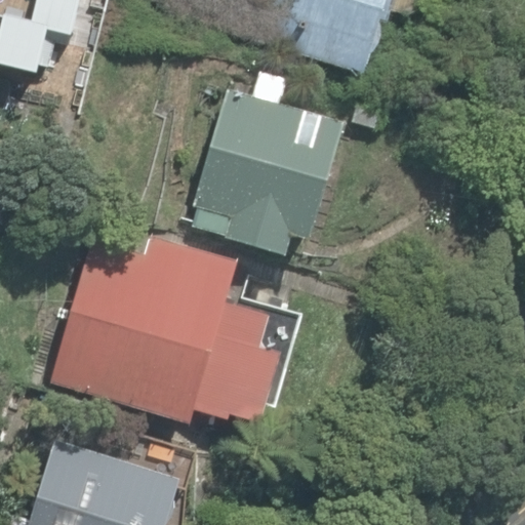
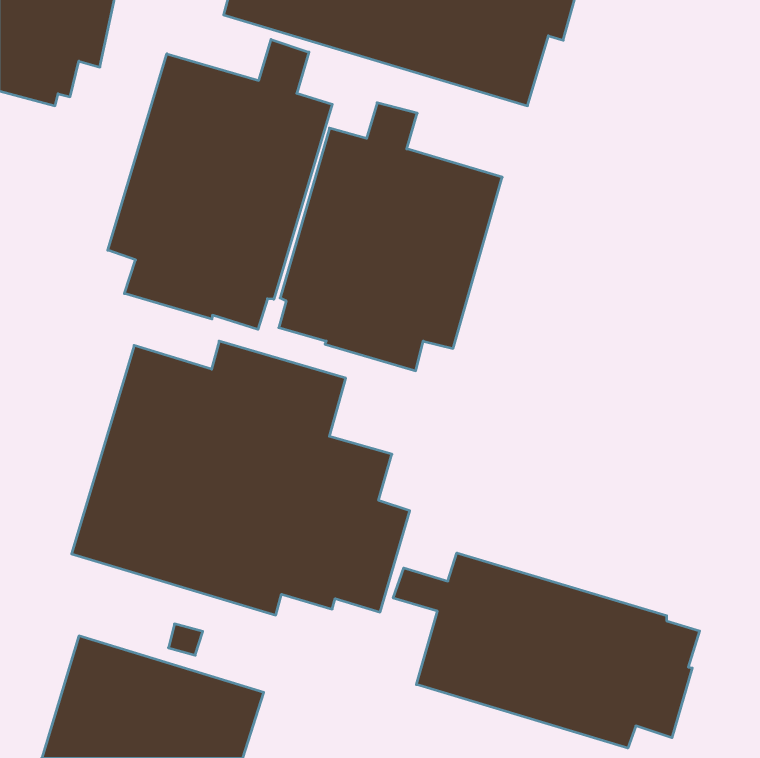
building: none -> [108,39,332,329]
building: none -> [393,553,700,748]

